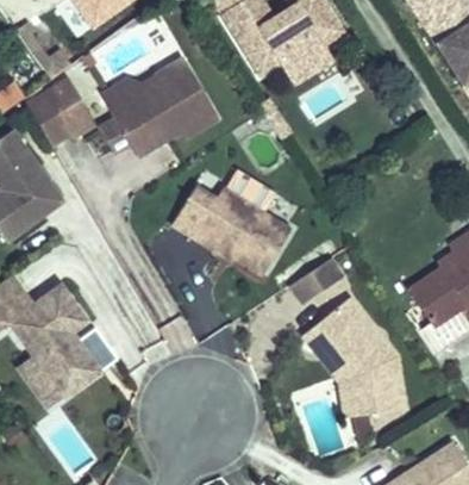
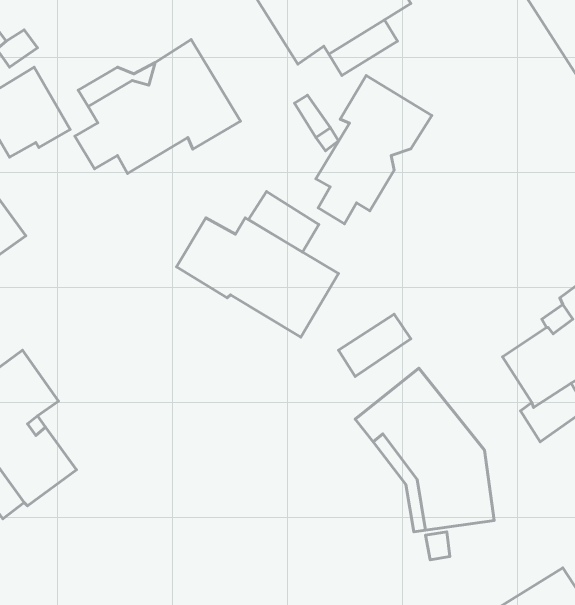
building: none -> [316,76,432,224]

